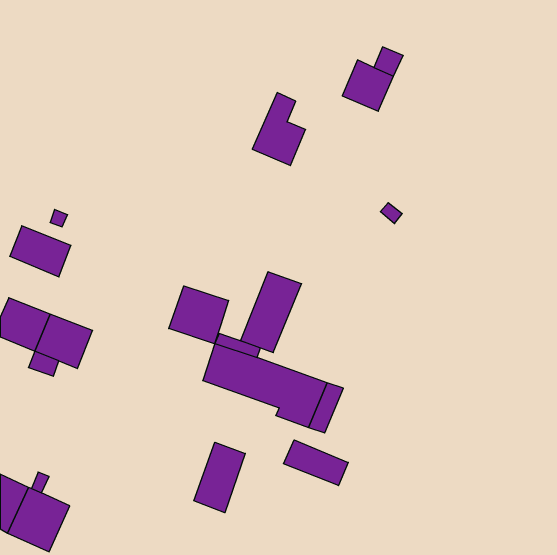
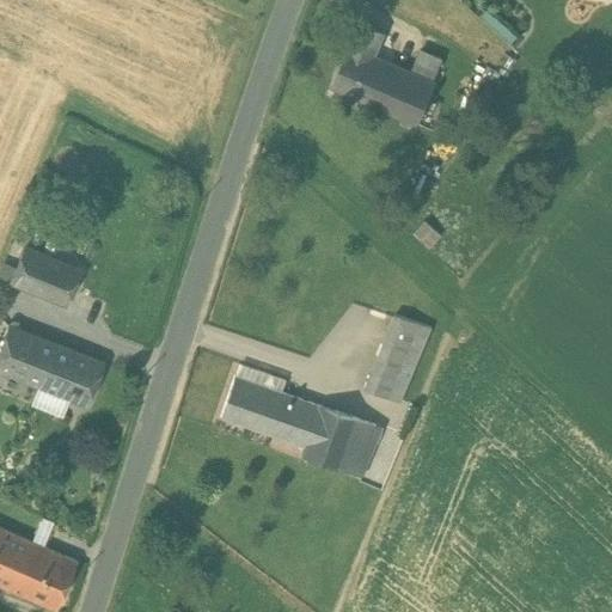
building: [252,93,306,166] -> [333,27,392,108]
building: [241,272,302,353] -> [365,318,432,406]
building: [169,286,229,344] -> none
building: [284,440,348,486] -> none
building: [194,442,245,513] -> none

